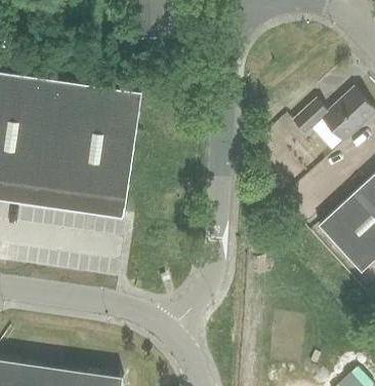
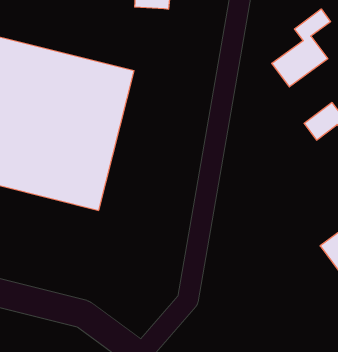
building: none -> [272,9,331,87]

